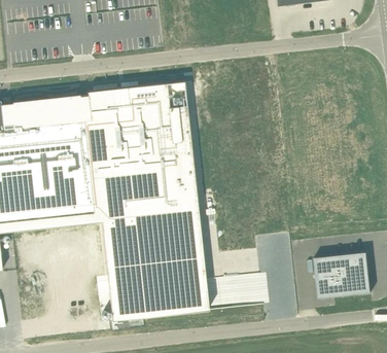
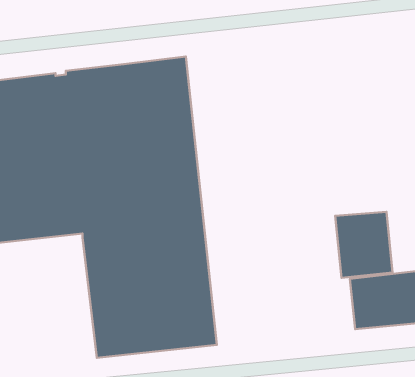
building: none -> [335,212,393,278]

